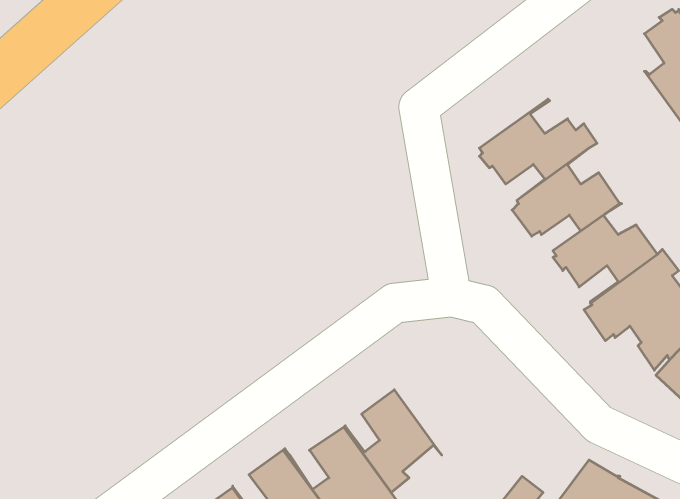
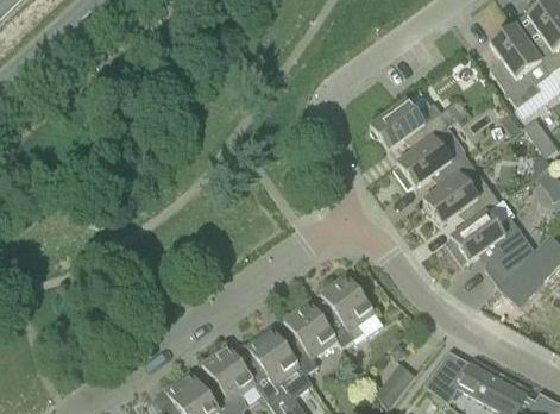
building: none -> [308,272,383,347]

